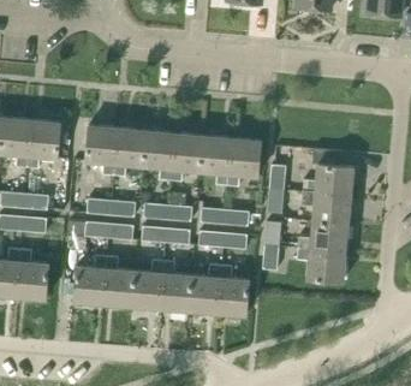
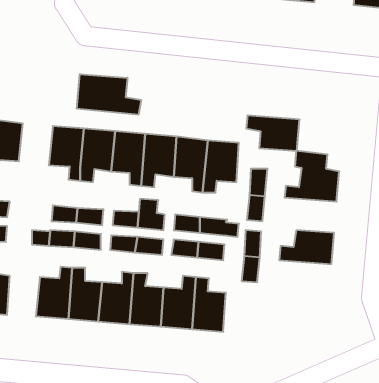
building: none -> [77,74,141,115]
building: [300,191,350,224] -> [246,116,300,151]
building: [296,249,345,281] -> none

